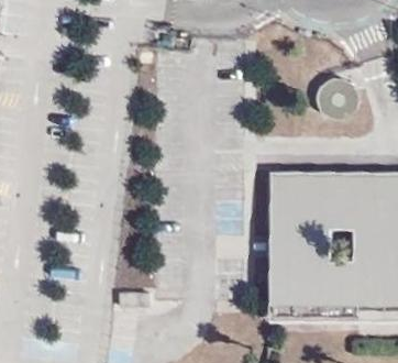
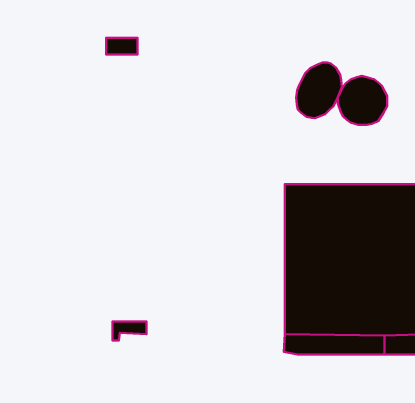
building: none -> [296,62,342,118]

